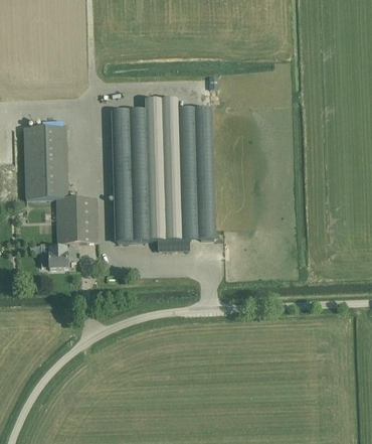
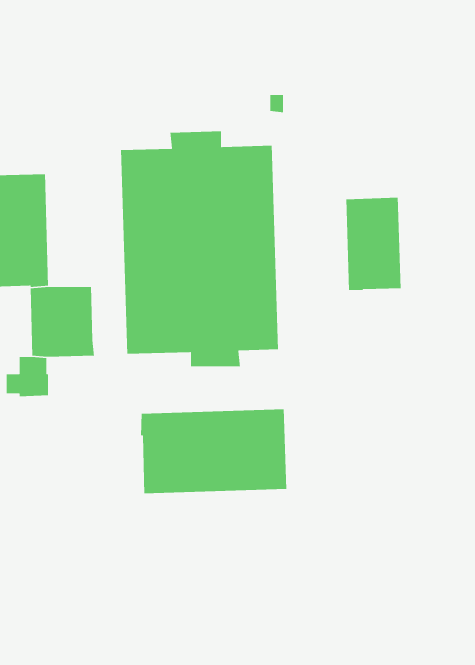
building: none -> [345,197,401,291]
building: none -> [140,409,287,494]

